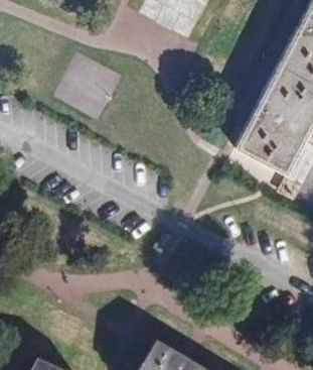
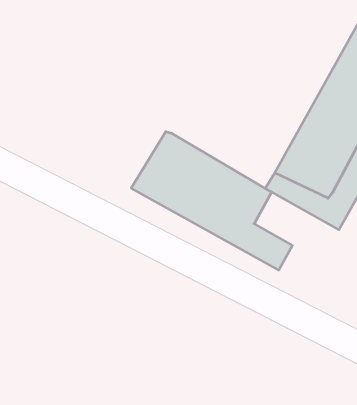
building: none -> [131,132,292,270]

